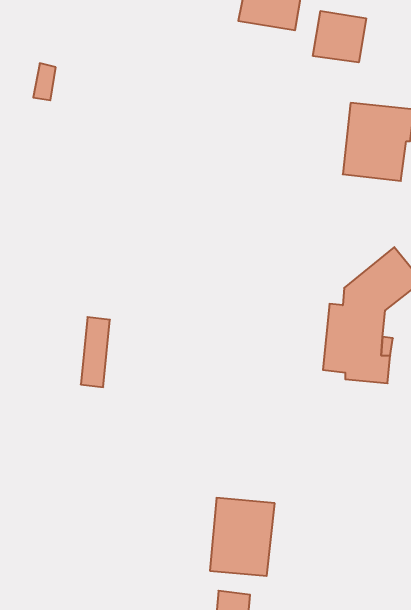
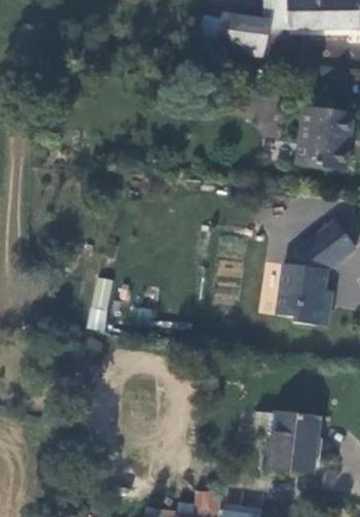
building: [313,11,366,62] -> none
building: [210,498,275,576] -> [273,413,323,474]

